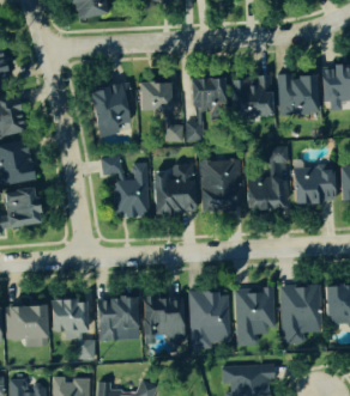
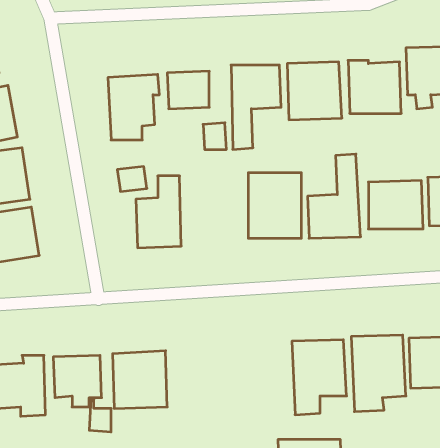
building: [153,164,197,215] -> none
building: [192,292,231,348] -> none
building: [143,297,186,343] -> none

